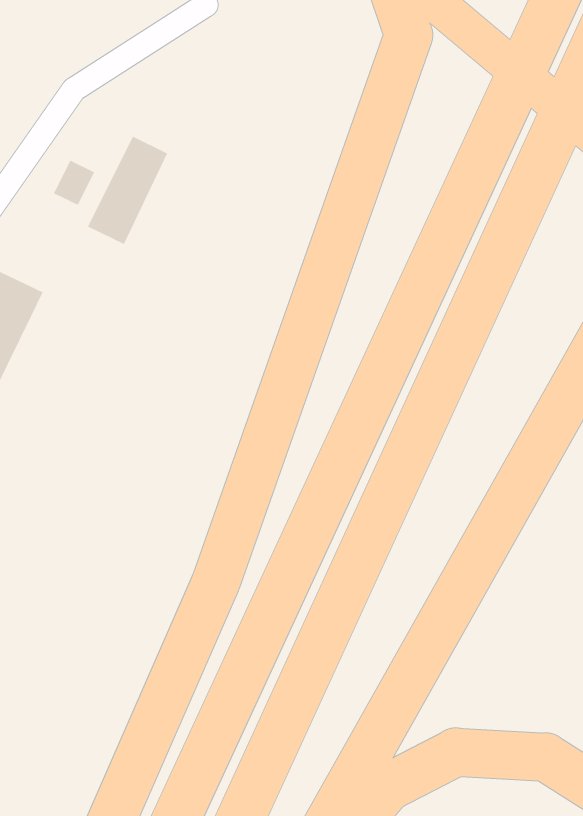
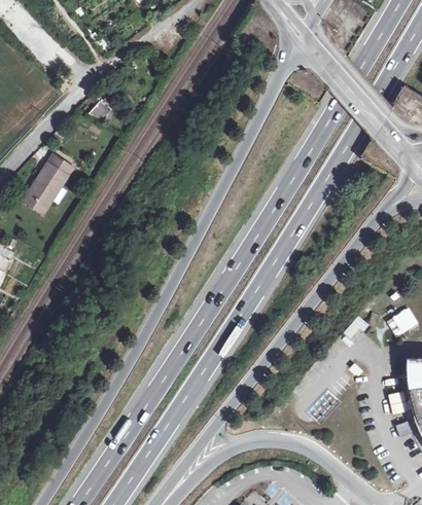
building: [87,136,168,245] -> none

